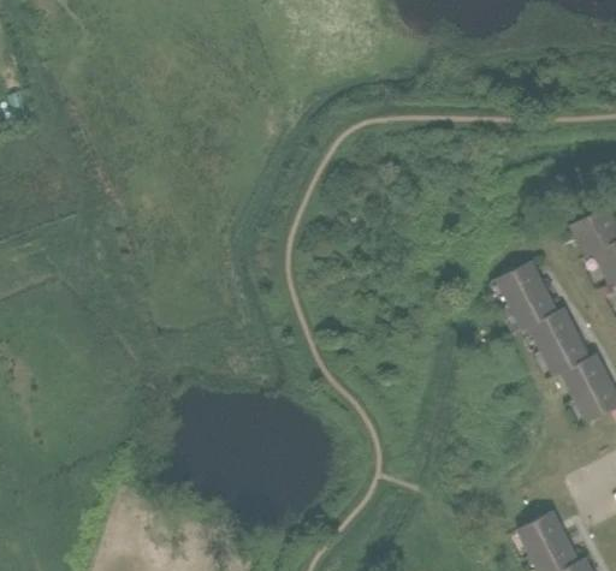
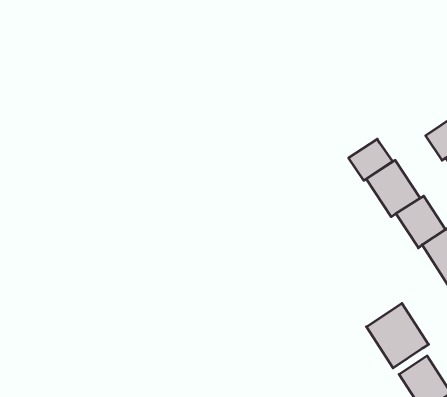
building: none -> [349,139,392,180]
building: none -> [366,303,429,368]

